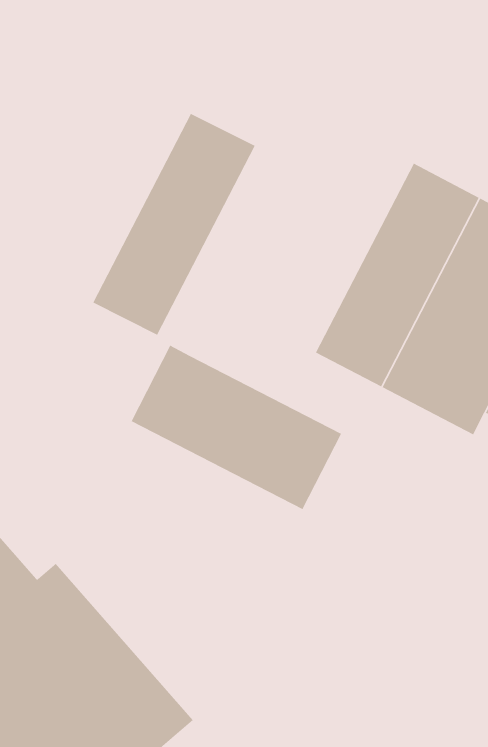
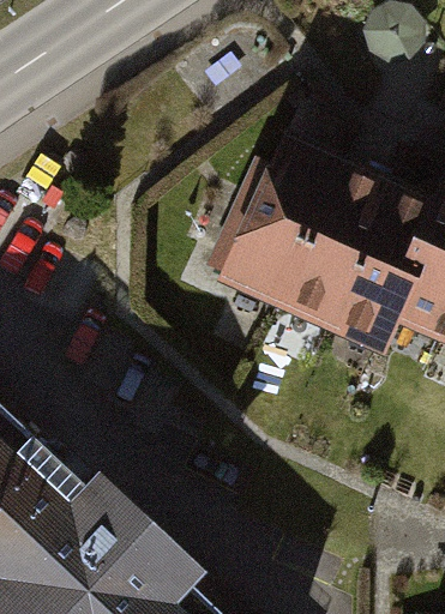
building: [92,113,256,336] -> [217,139,320,301]
building: [130,345,342,510] -> none

